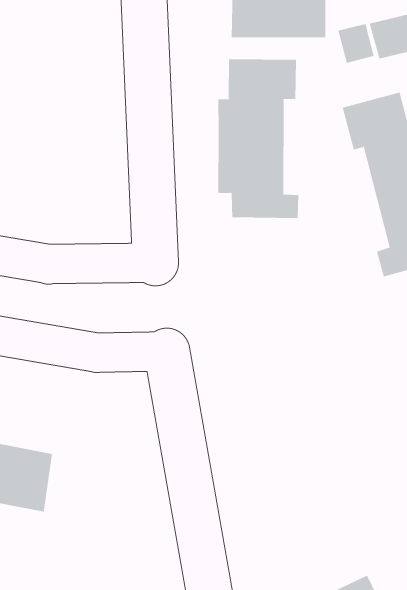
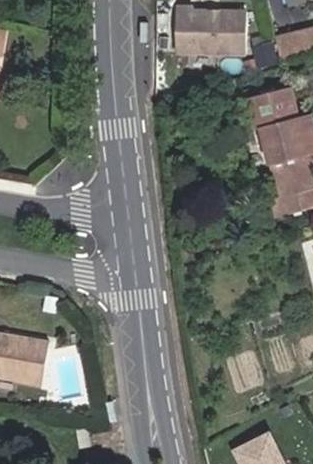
building: [218,59,299,219] -> none

